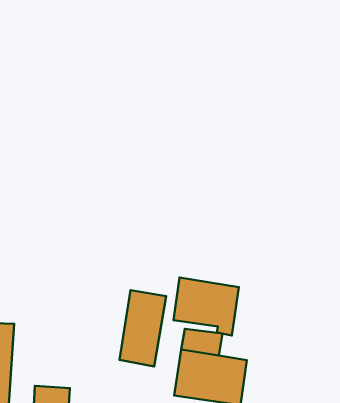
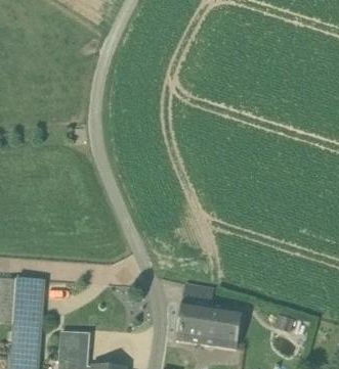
building: [173,278,239,336] -> none
building: [120,290,166,367] -> none

